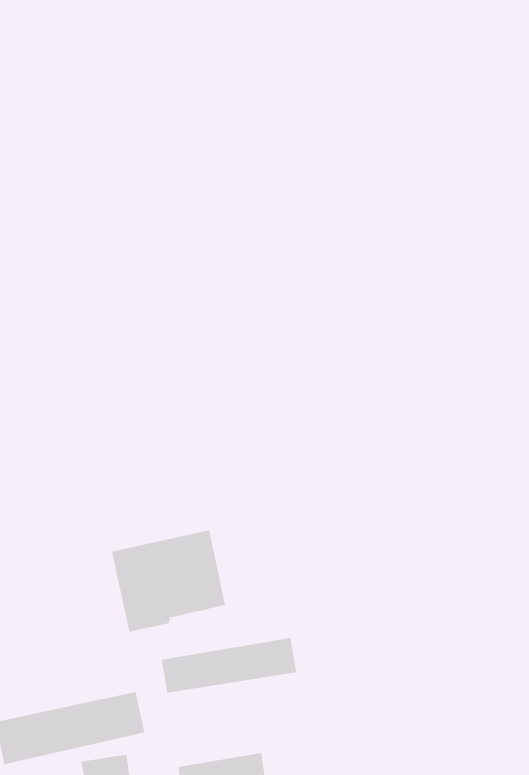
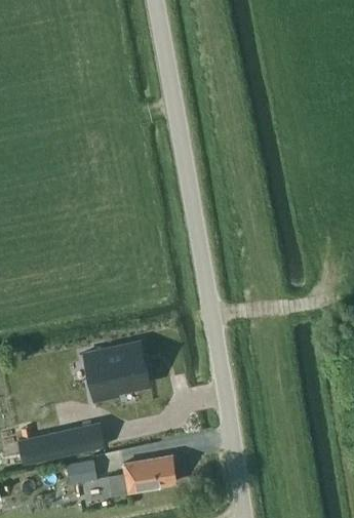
building: [161,637,297,693] -> none

